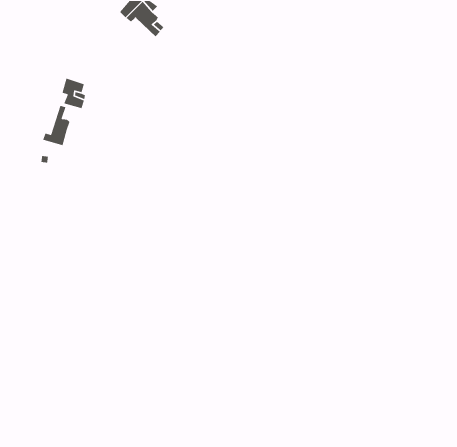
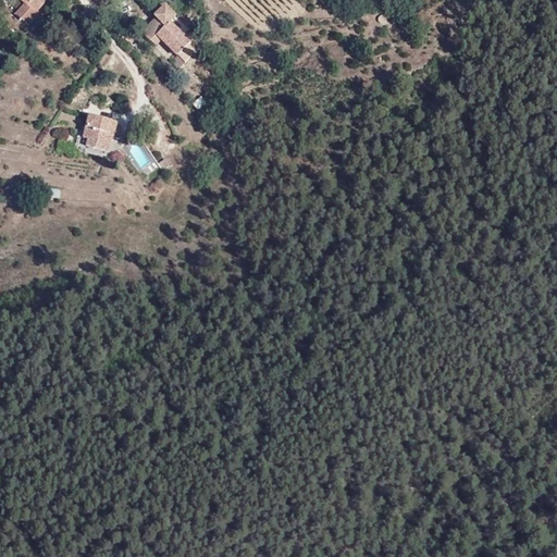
building: [42,105,71,146] -> none

